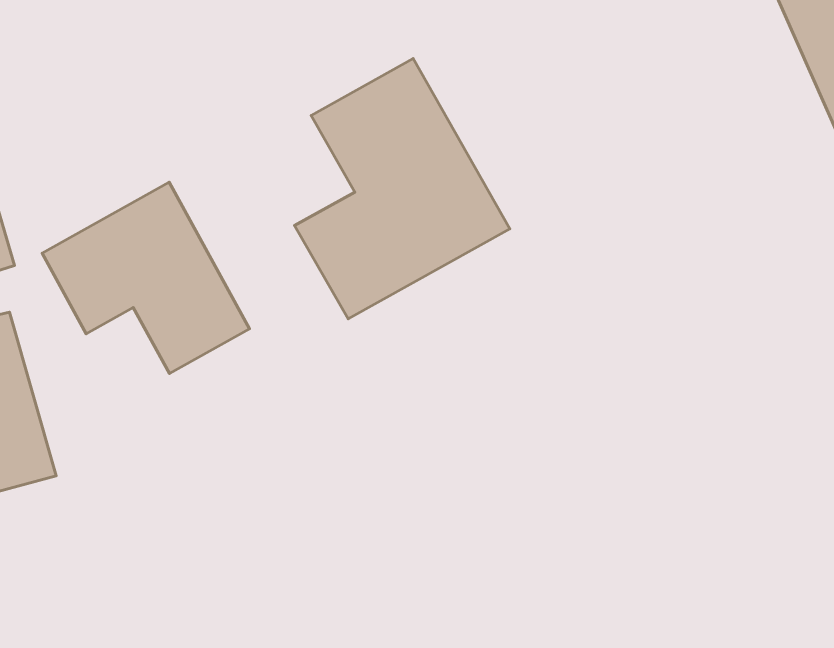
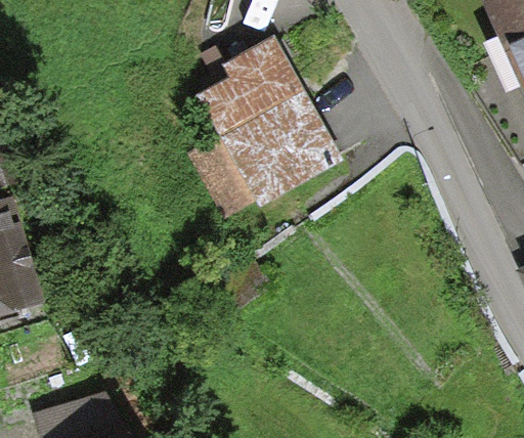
building: [42,182,250,374] -> none

